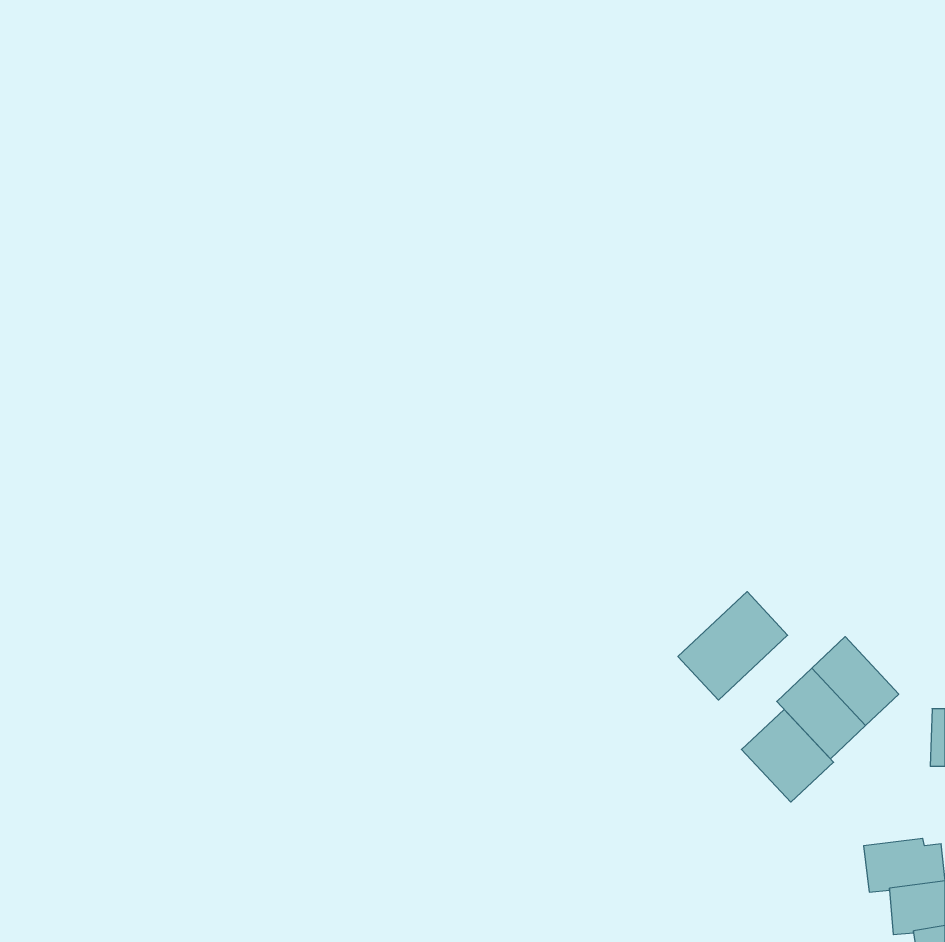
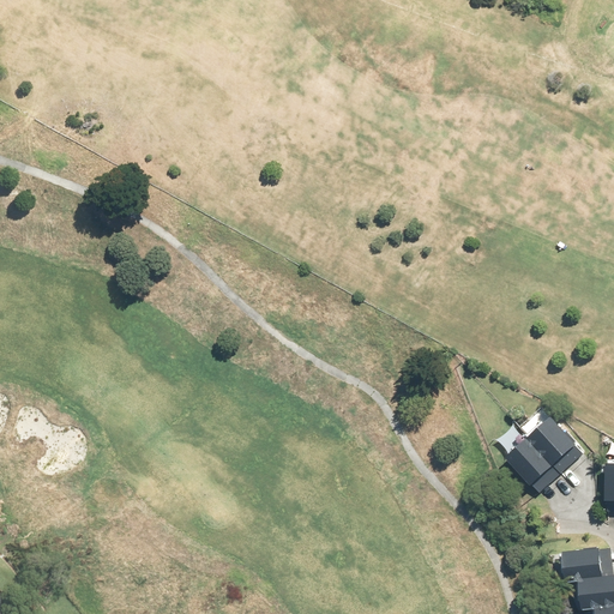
building: [678,592,788,700] -> none
building: [741,710,834,802] -> none

